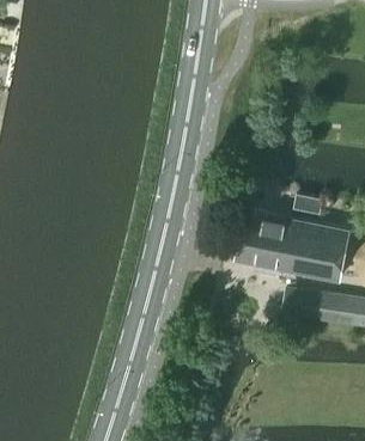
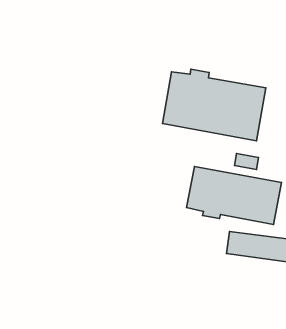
building: none -> [163,69,266,141]

